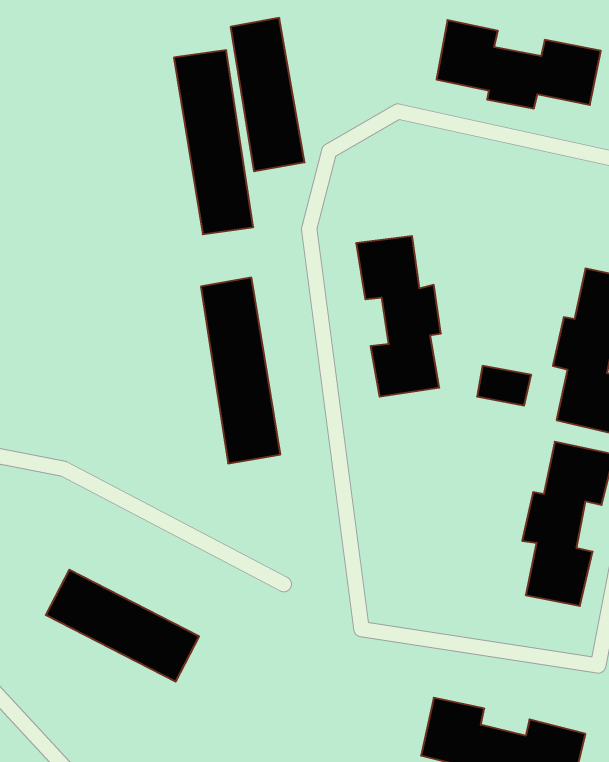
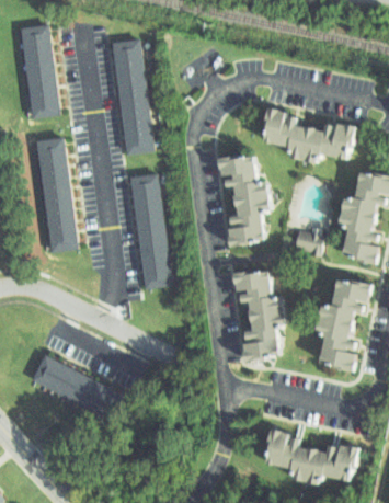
building: [231,18,305,171] -> [18,18,62,111]
building: [437,20,601,108] -> [259,106,358,160]
building: none -> [33,136,82,249]
building: none -> [233,267,285,366]

